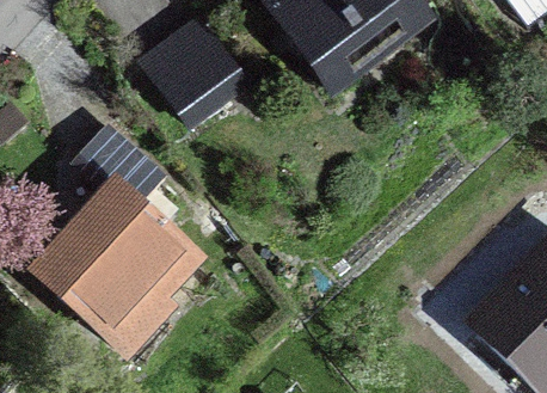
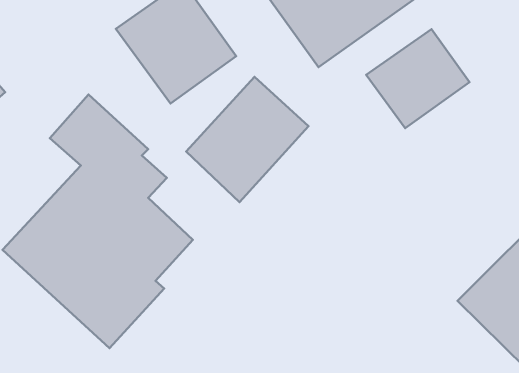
building: none -> [366,29,470,128]
building: none -> [186,77,308,202]

